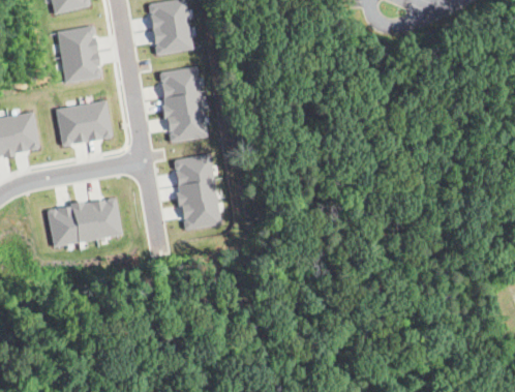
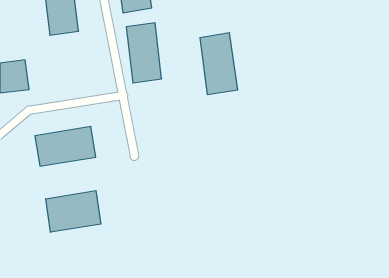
building: [56,100,112,145] -> none
building: [174,153,221,231] -> [200,33,238,95]
building: none -> [46,191,101,232]

